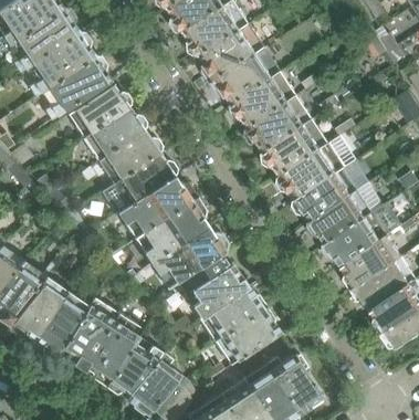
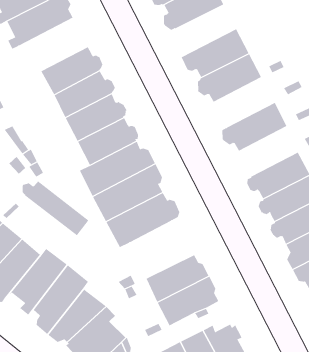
building: [201,24,264,84] -> none
building: [41,55,111,120] -> none
building: [244,95,313,151] -> none
building: [276,143,345,199] -> none
building: none -> [22,180,89,236]
building: [179,254,248,316] -> none

